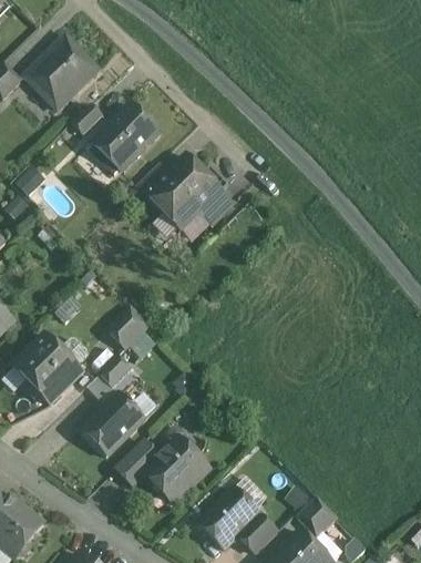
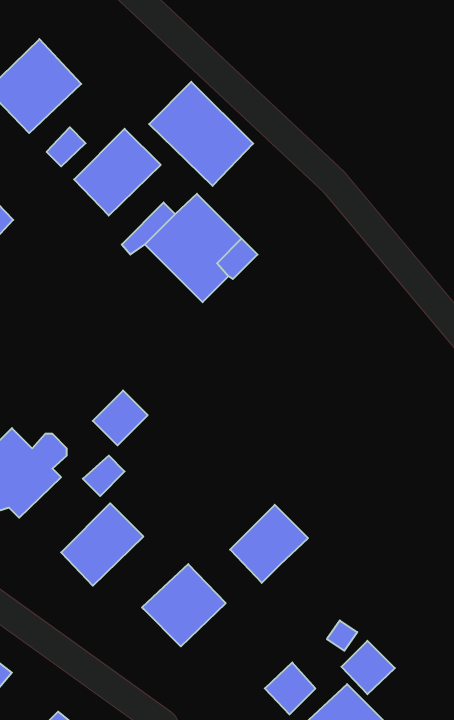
building: none -> [149,82,253,186]
building: [115,441,160,485] -> none
building: [198,489,258,549] -> [230,505,308,583]

